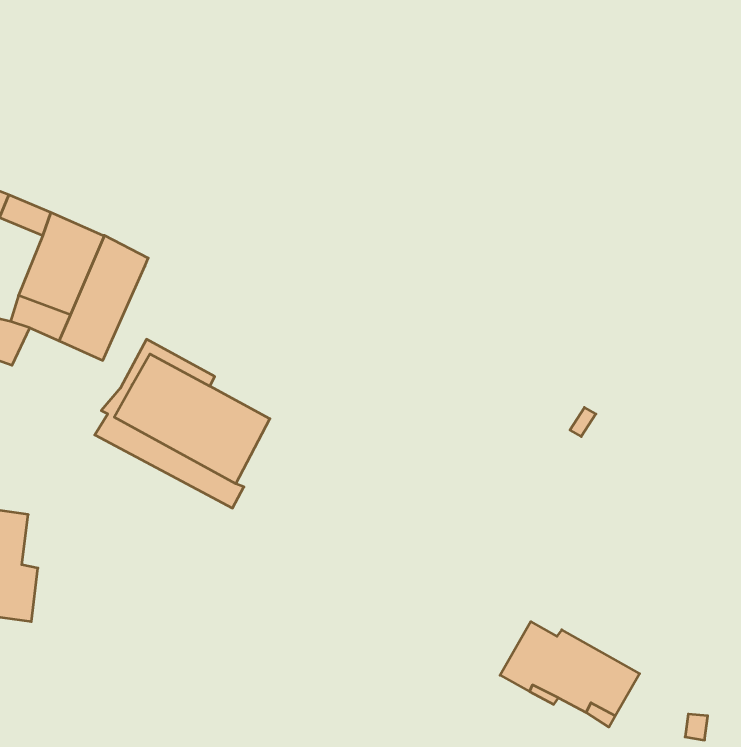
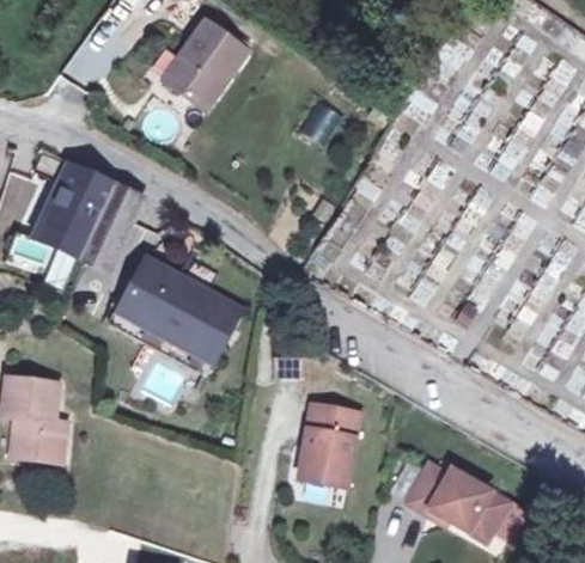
building: none -> [167,18,250,105]
building: none -> [297,403,358,485]

